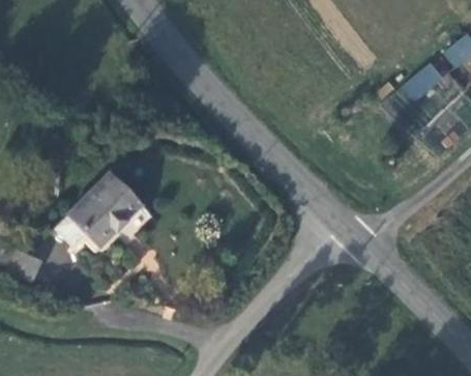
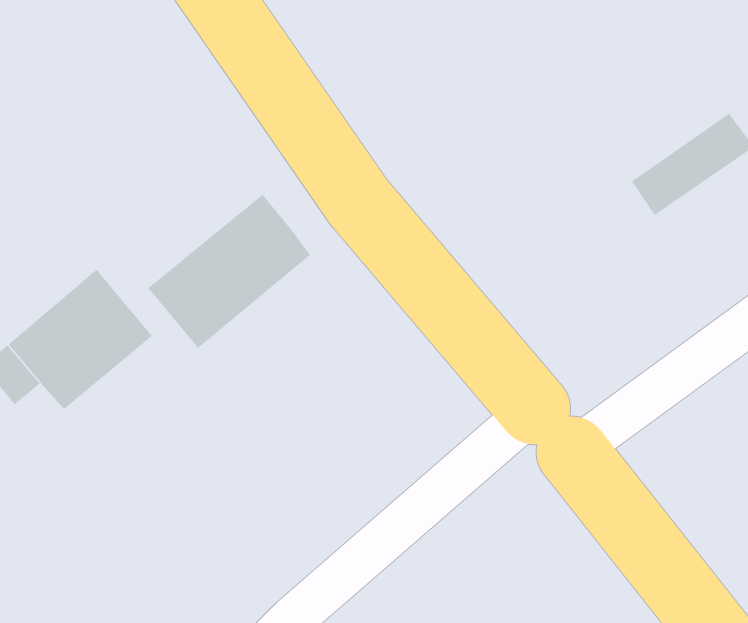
building: none -> [147,194,311,349]

